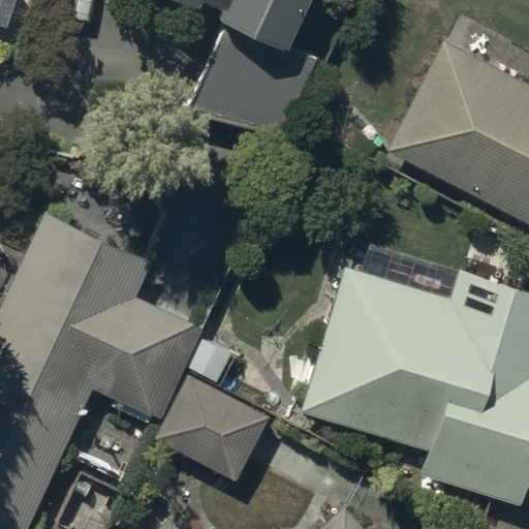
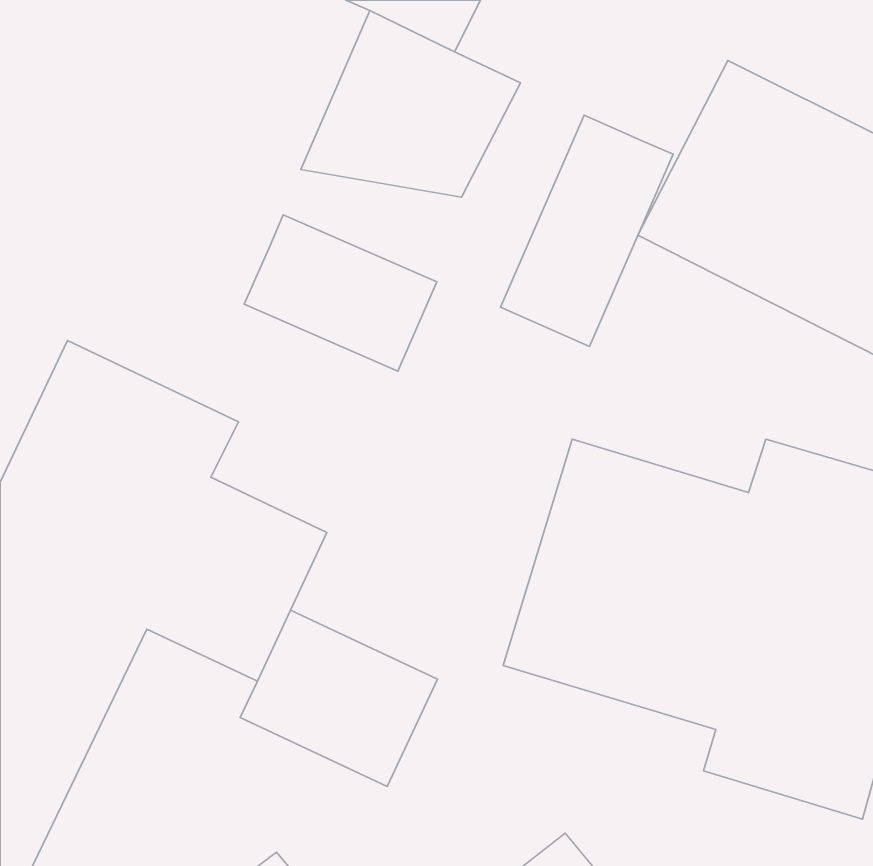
building: none -> [501,115,673,346]
building: none -> [244,215,437,371]

